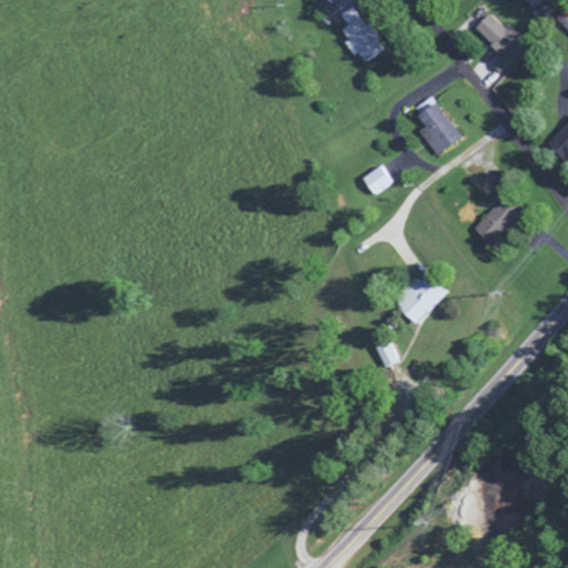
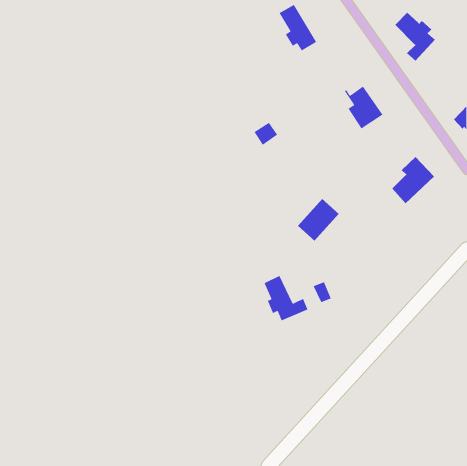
building: [359,165,389,194] -> [253,122,278,146]
building: [399,271,450,323] -> [297,198,339,241]
building: none -> [264,275,309,322]

